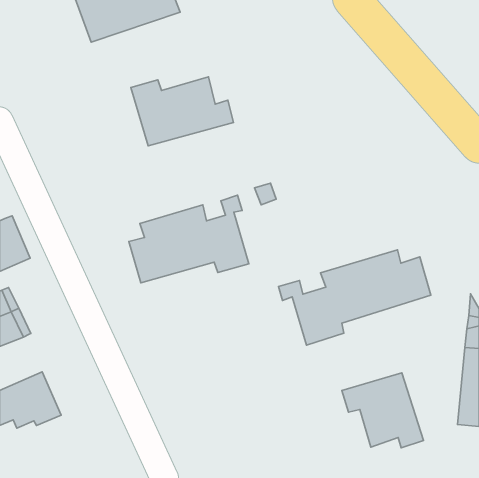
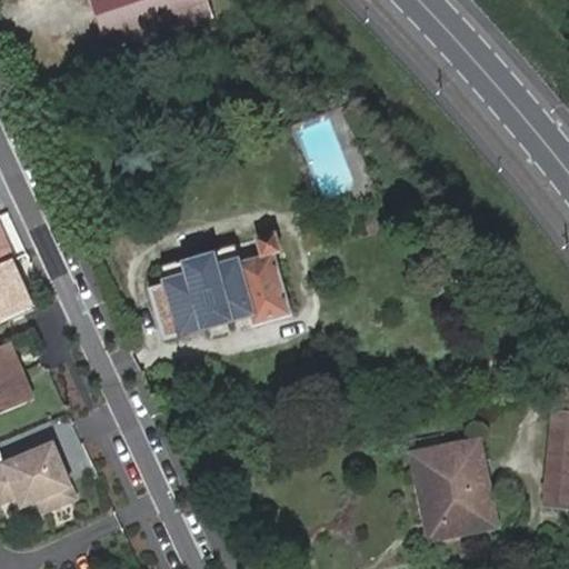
building: [131,77,234,146] -> none
building: [279,250,431,345] -> none
building: none -> [412,485,475,545]

